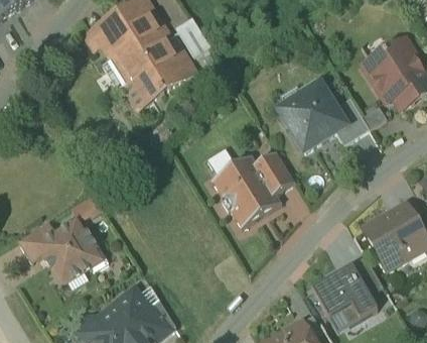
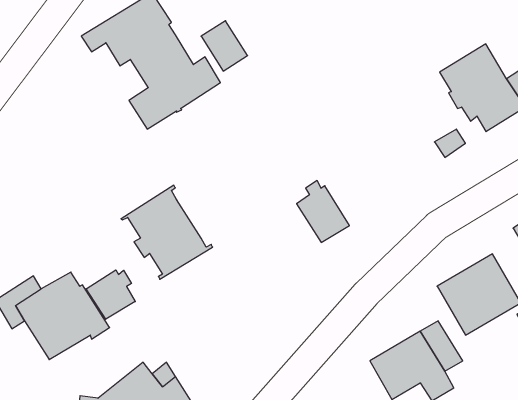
building: [278,82,369,155] -> none
building: [210,152,282,226] -> [121,185,213,279]
building: none -> [86,270,135,319]

